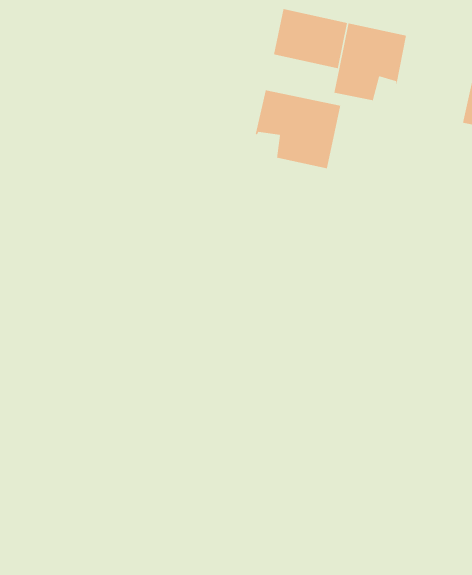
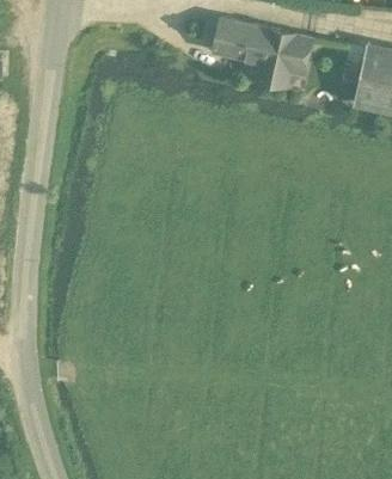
building: [255,90,341,169] -> none

